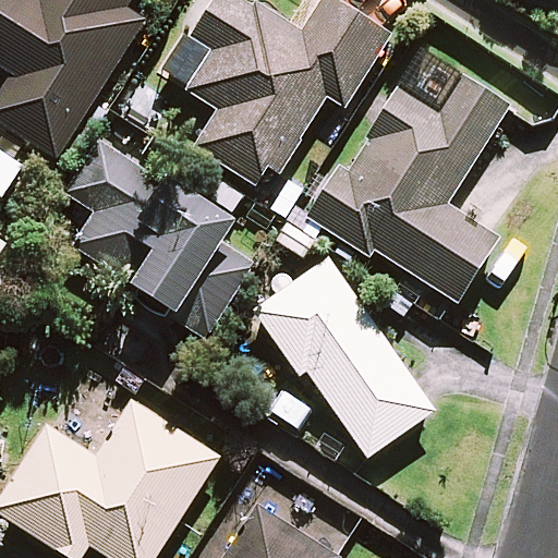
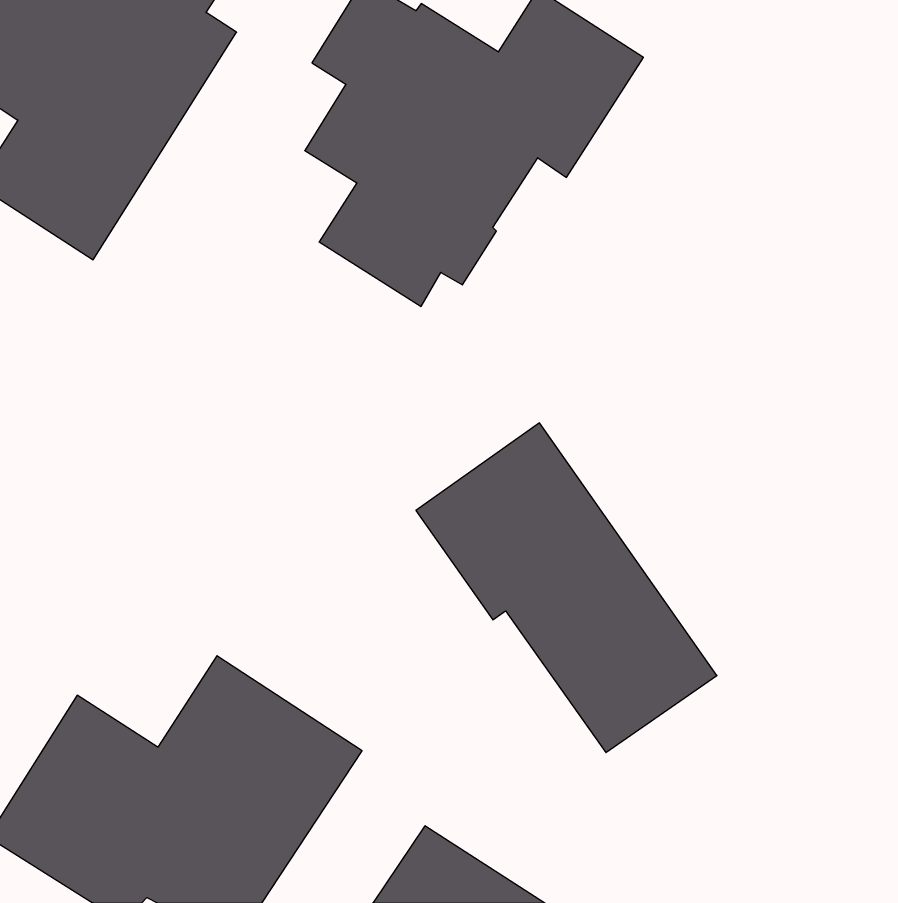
building: [306,74,508,303] -> none
building: [65,140,256,339] -> none

